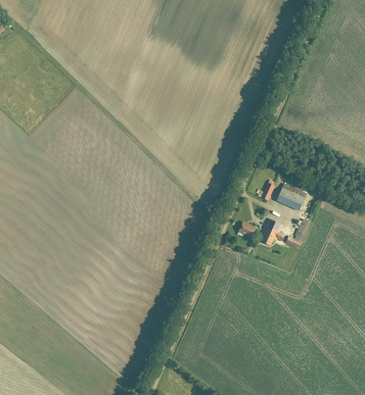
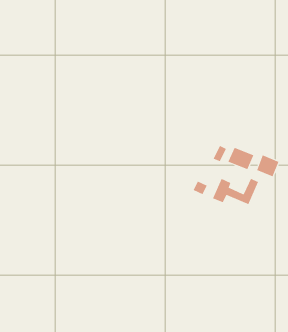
building: none -> [256,155,279,177]

